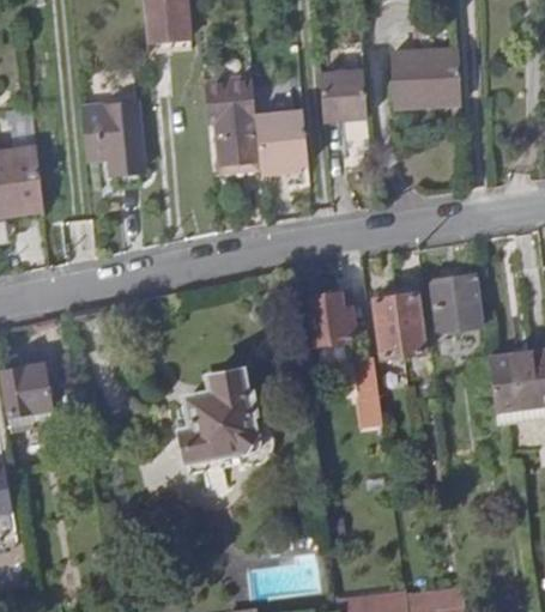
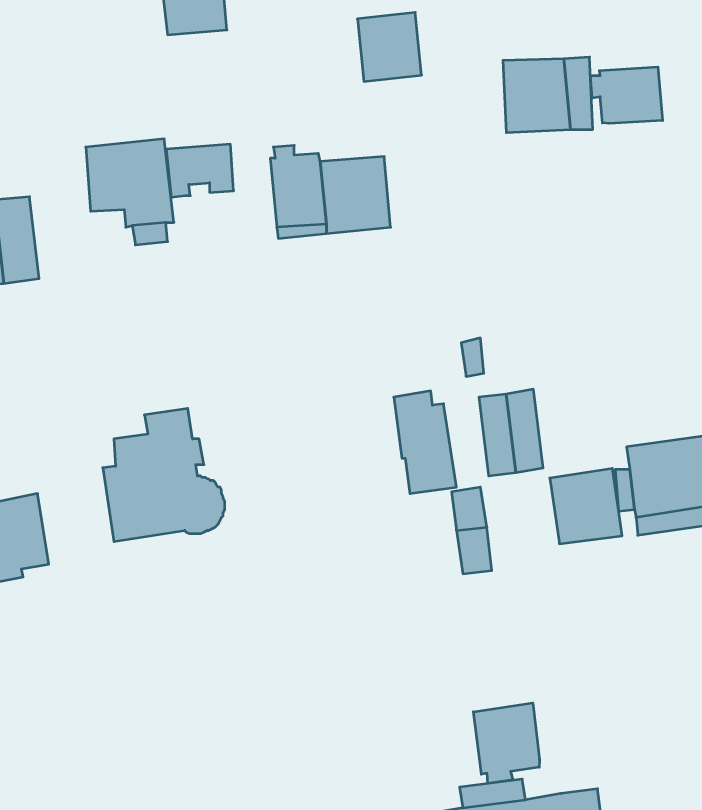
building: none -> [590,67,663,123]
building: [320,69,368,121] -> [357,12,422,81]
building: [205,81,255,121] -> [166,144,234,197]
building: [430,275,484,332] -> [550,468,622,544]
building: [181,374,272,473] -> [103,408,225,542]
building: none -> [473,703,539,783]

